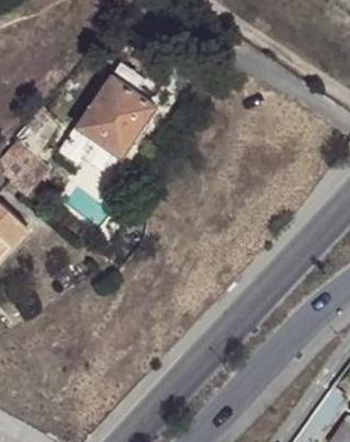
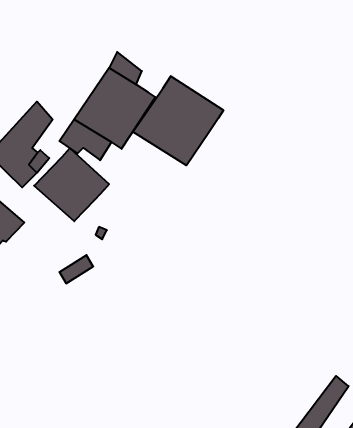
building: none -> [133,76,223,165]
building: none -> [34,148,109,221]

